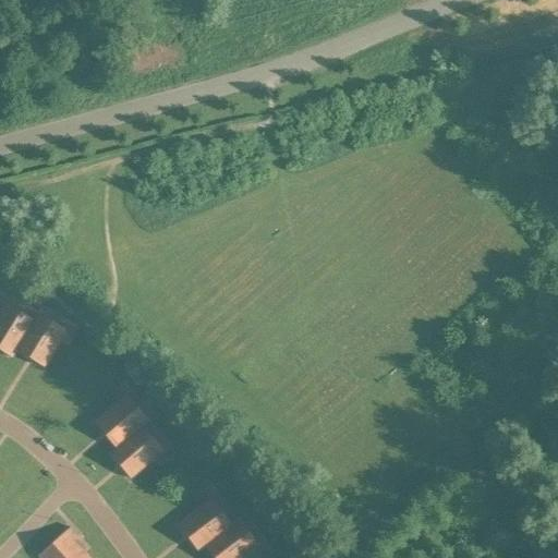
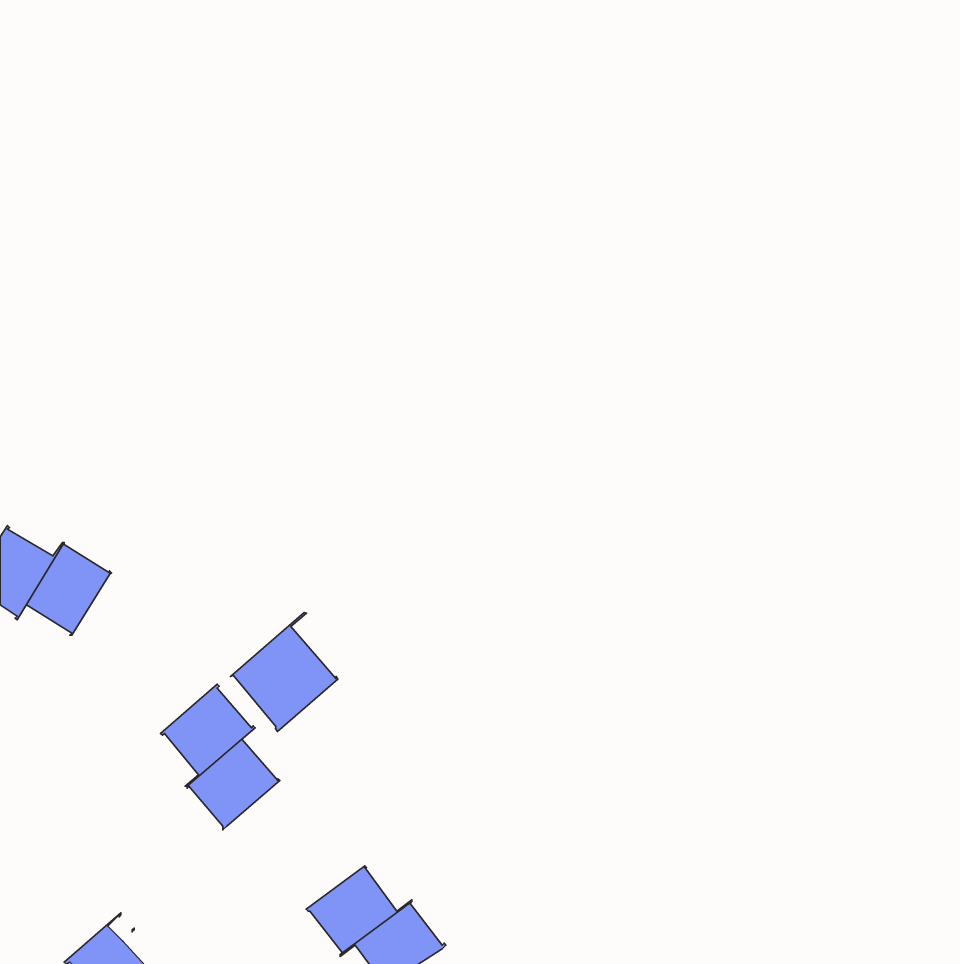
building: none -> [231,612,338,731]

